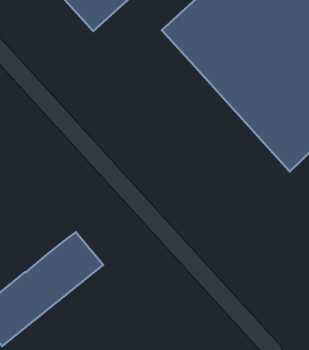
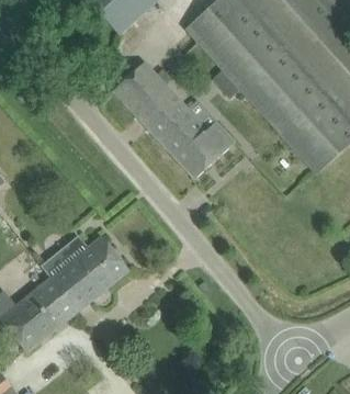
building: none -> [112,60,235,178]

